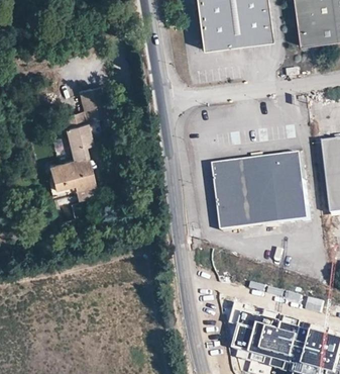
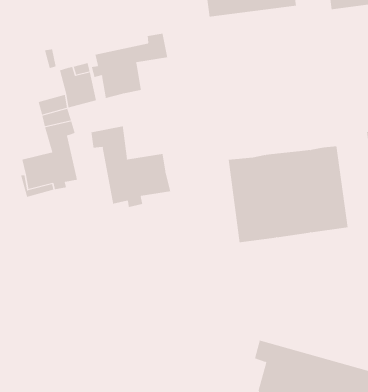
building: none -> [91,33,168,99]
building: none -> [91,126,171,208]

